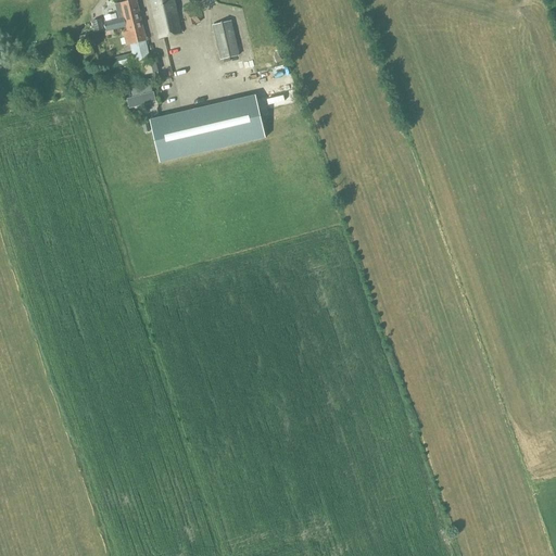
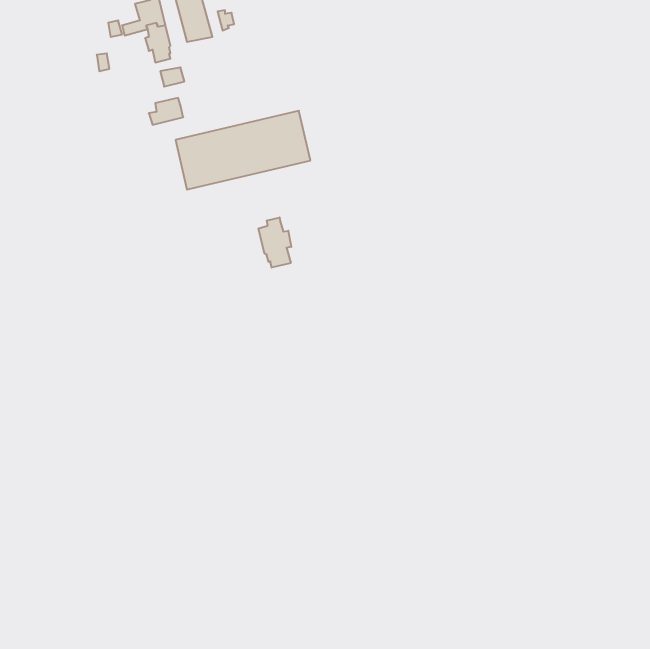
building: [212,21,238,58] -> none
building: none -> [259,217,291,268]

